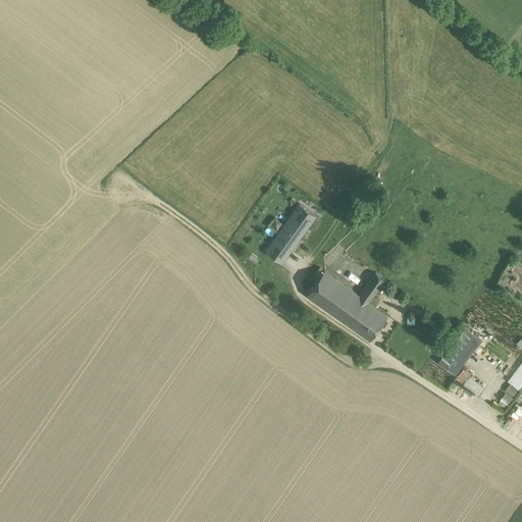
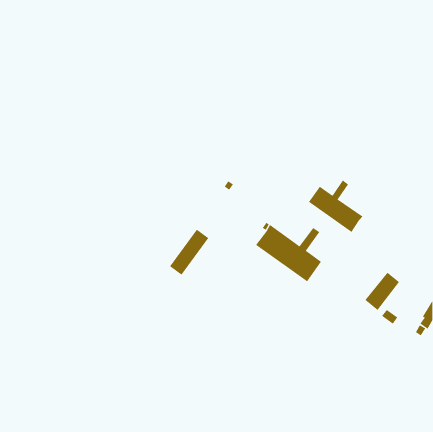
building: [267,206,315,262] -> [169,229,209,275]
building: none -> [308,180,363,233]

